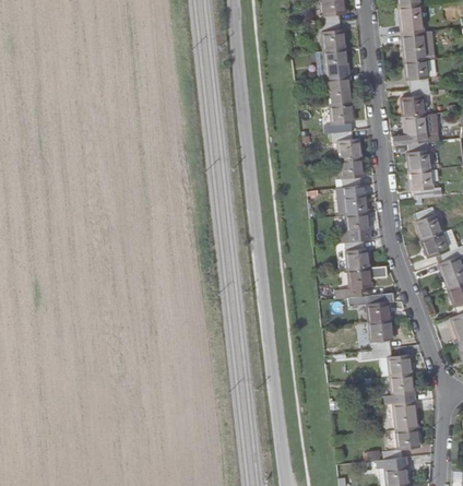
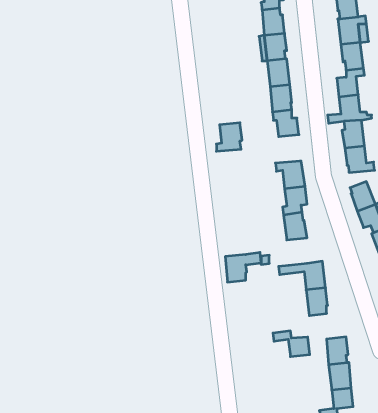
building: [336,158,364,189] -> [216,123,242,151]
building: [348,266,387,298] -> [225,252,261,282]
building: [372,349,412,377] -> [273,331,310,357]

